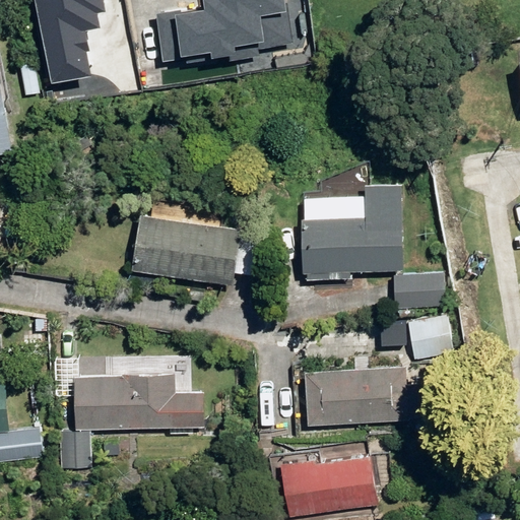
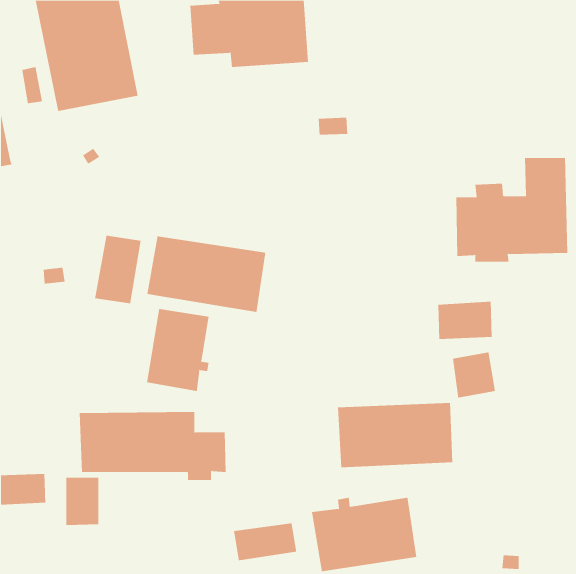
building: [301,183,402,277] -> [455,157,568,262]
building: none -> [95,235,141,304]
building: none -> [147,308,209,392]
building: none -> [234,523,297,561]

